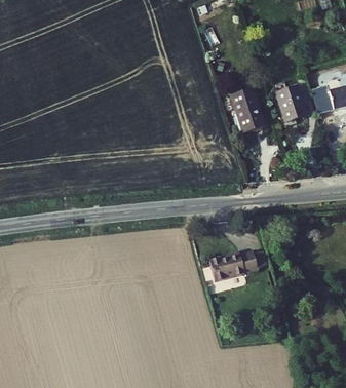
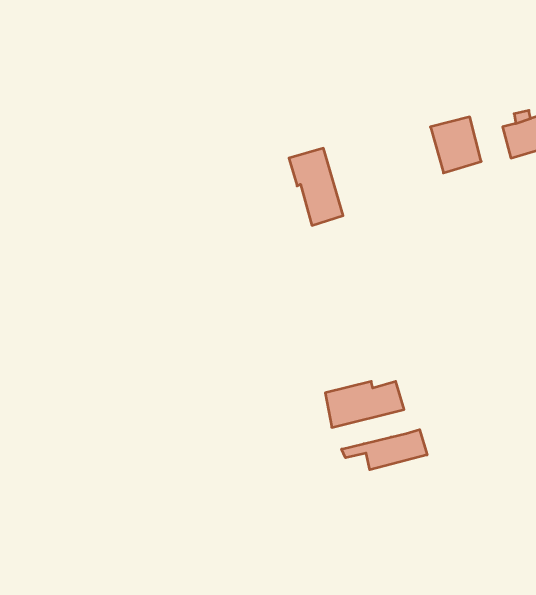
building: [228,83,262,131] -> [289,148,343,225]
building: none -> [342,430,427,470]

